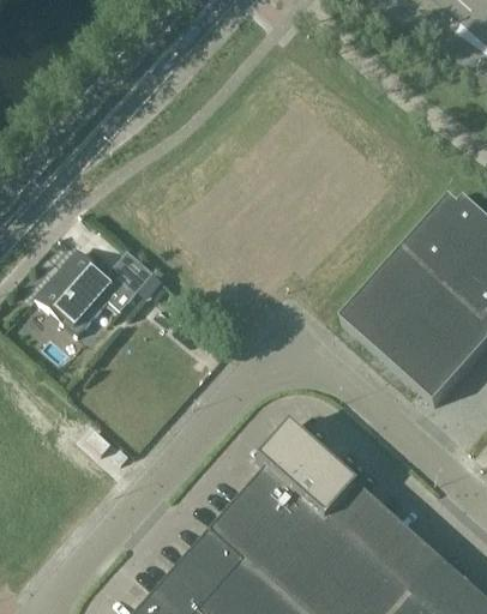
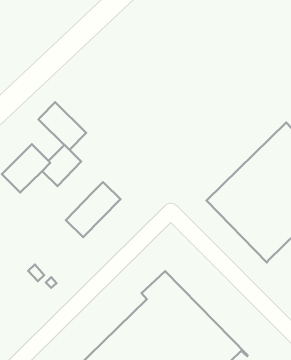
building: none -> [38,102,86,150]
building: none -> [66,182,120,237]

